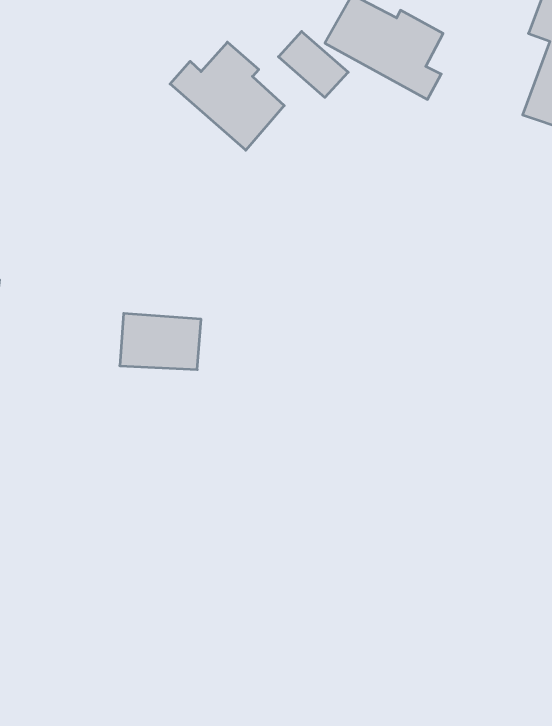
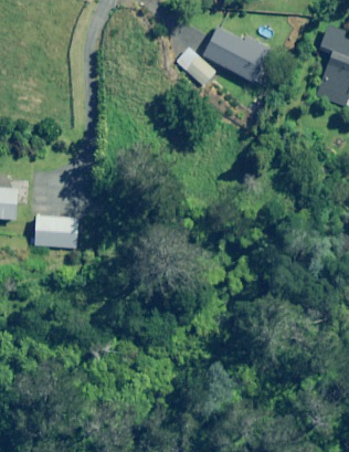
building: [170,42,284,150] -> none
building: [120,313,201,370] -> [32,214,78,246]

